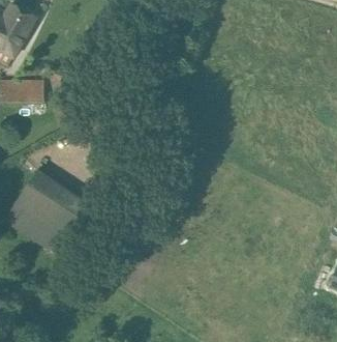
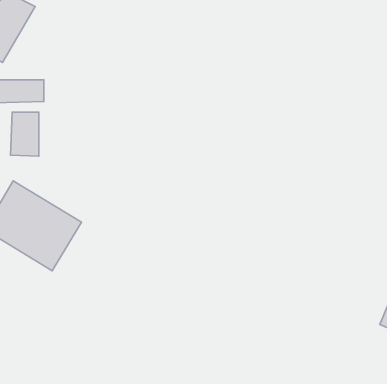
building: none -> [11,112,39,156]

